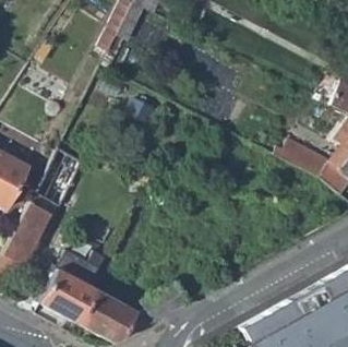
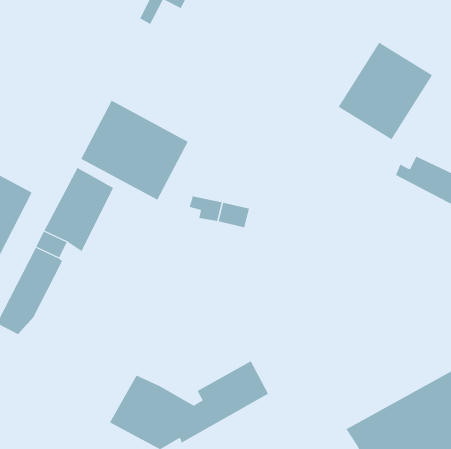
building: none -> [338,42,433,140]
building: none -> [80,100,189,201]
building: [43,253,99,323] -> none

